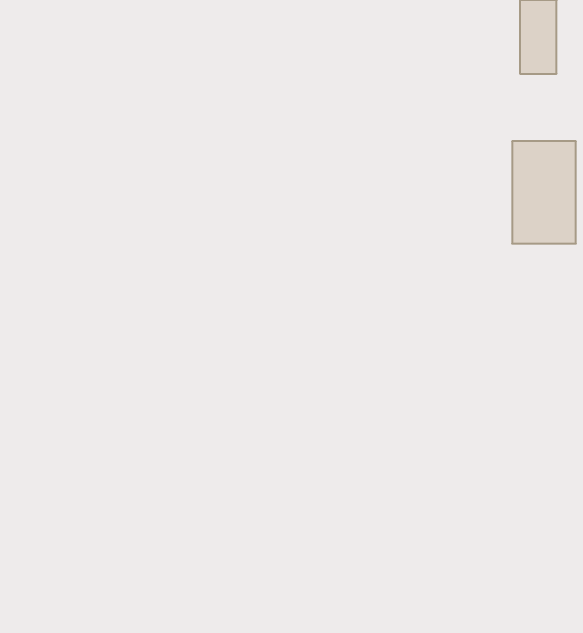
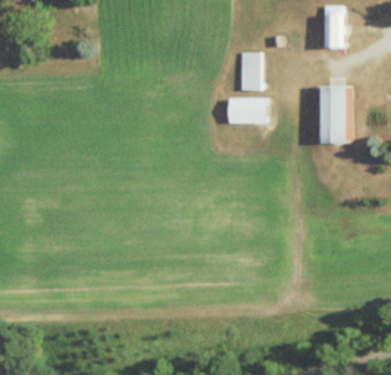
building: none -> [242,52,263,90]
building: none -> [227,98,265,121]

